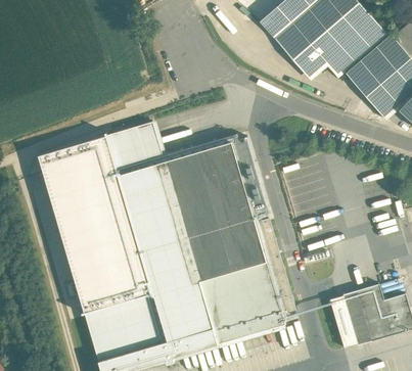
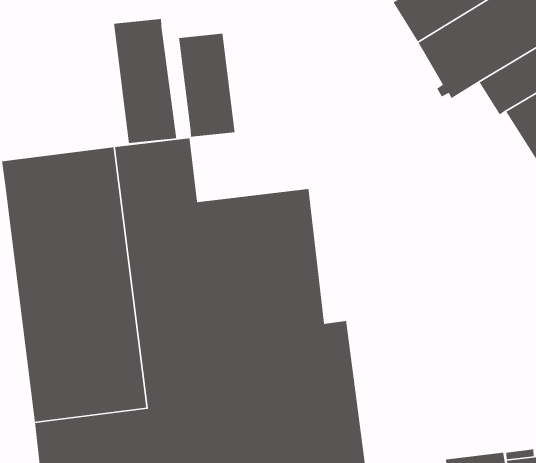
building: none -> [113,18,177,144]
building: none -> [178,33,235,137]

